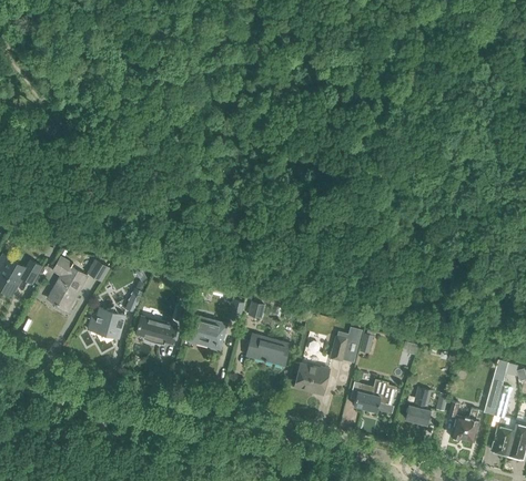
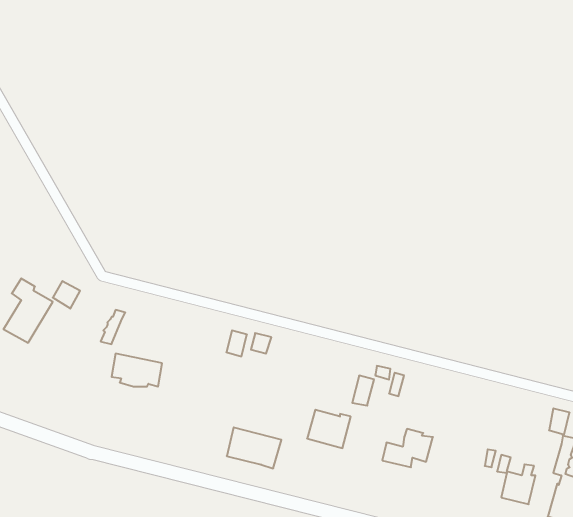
building: [88,307,125,340] -> none
building: [191,316,226,348] -> none
building: [246,334,291,367] -> [227,427,281,468]
building: [405,387,432,424] -> none

